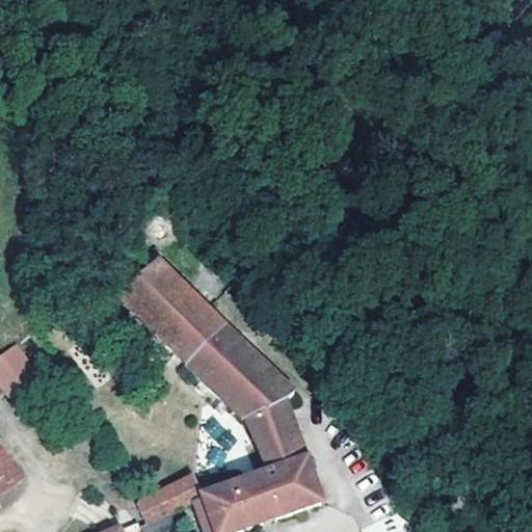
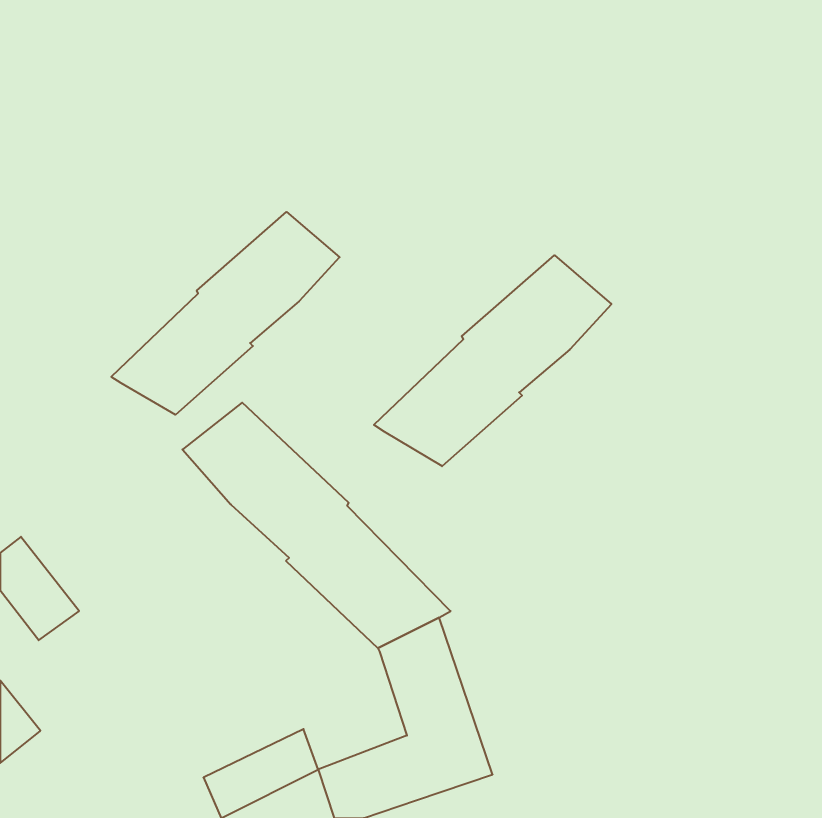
building: none -> [111,212,340,415]
building: none -> [374,255,611,466]

